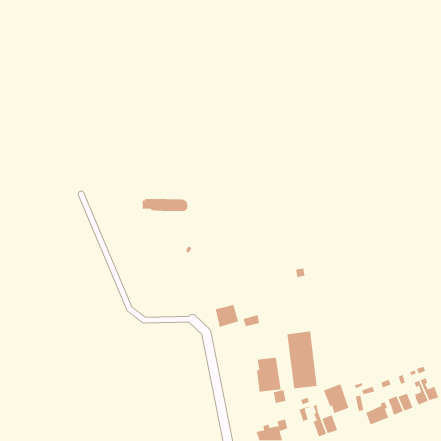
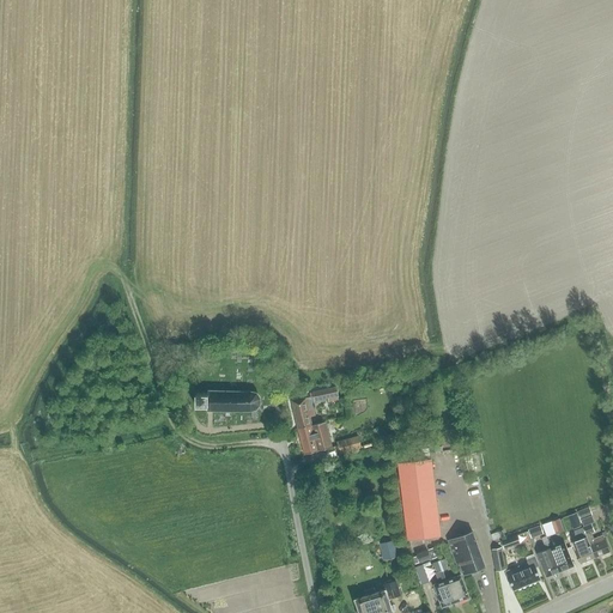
building: [142,198,188,214] -> [195,390,260,412]
building: none -> [291,387,339,429]
building: [256,357,282,393] -> none

